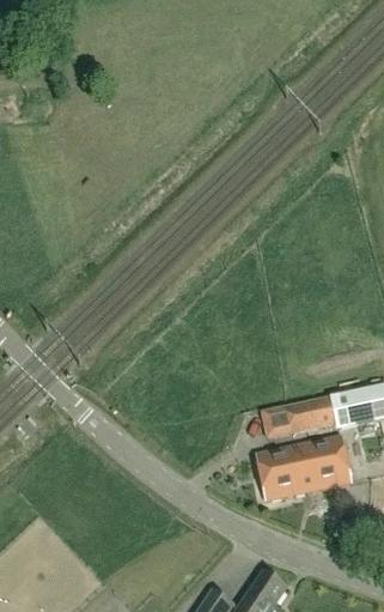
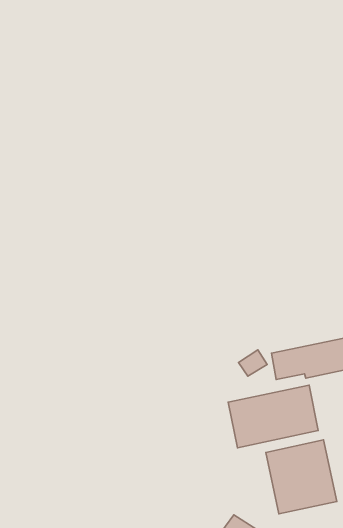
building: none -> [266,440,337,514]

